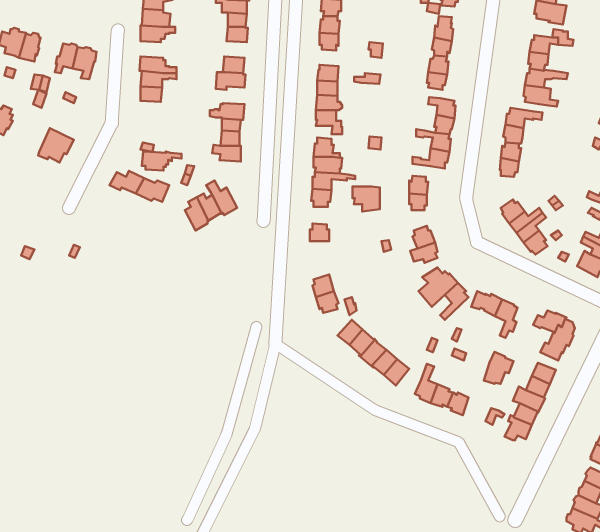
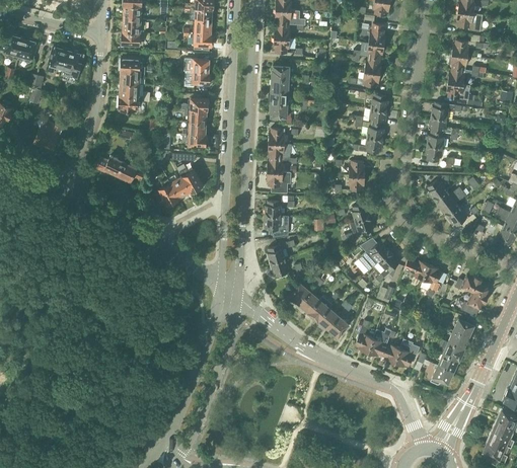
building: [142,151,181,171] -> [118,95,151,111]
building: [353,186,380,211] -> [265,215,288,236]
building: [484,352,514,384] -> [394,338,420,366]

